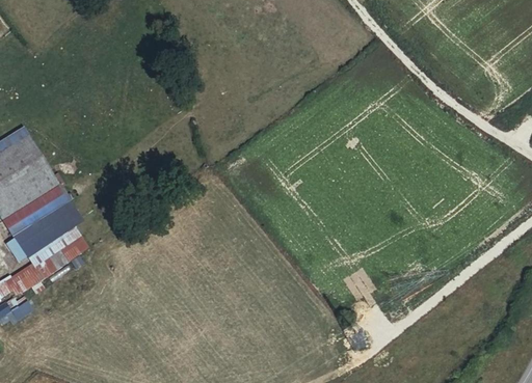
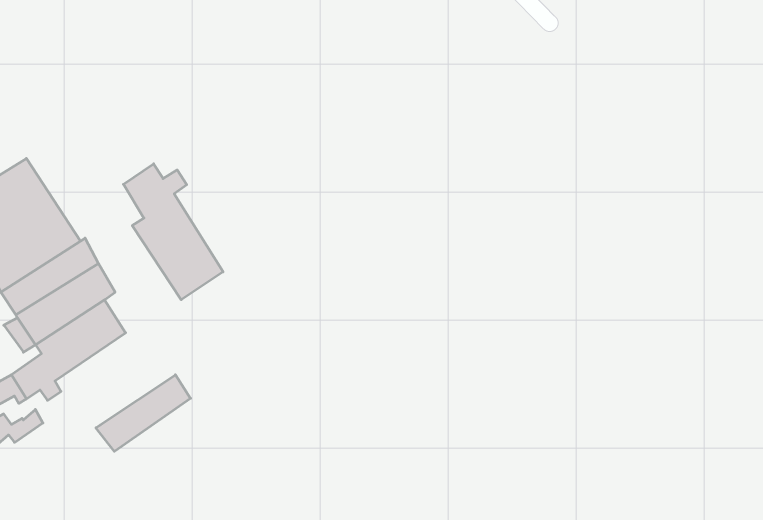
building: none -> [123,164,223,300]
building: none -> [96,375,191,451]

